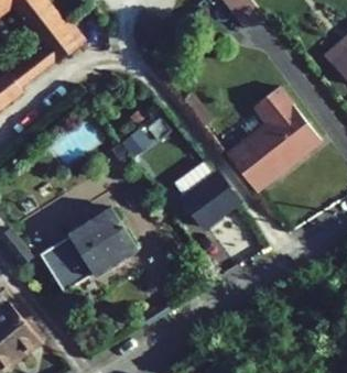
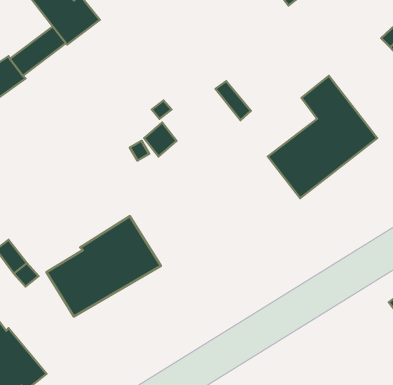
building: [182,173,238,228] -> none

